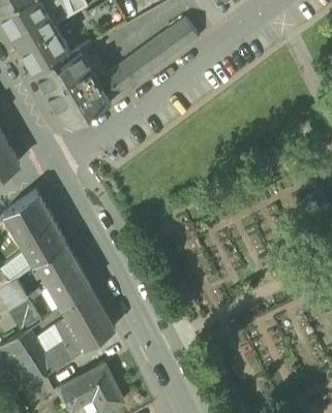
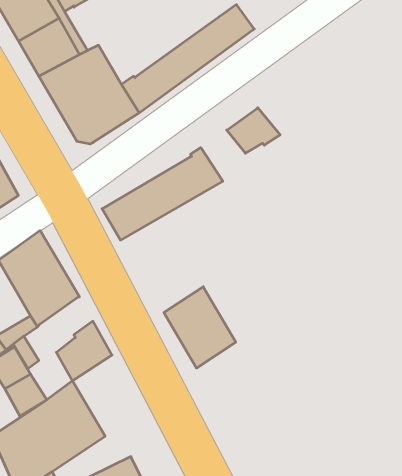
building: none -> [227,108,280,153]
building: none -> [102,148,223,240]
building: [35,242,76,284] -> none
building: [60,286,115,348] -> [164,287,236,368]

